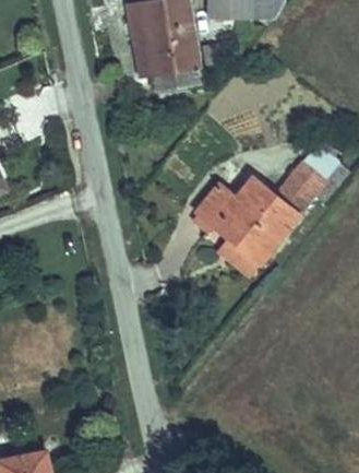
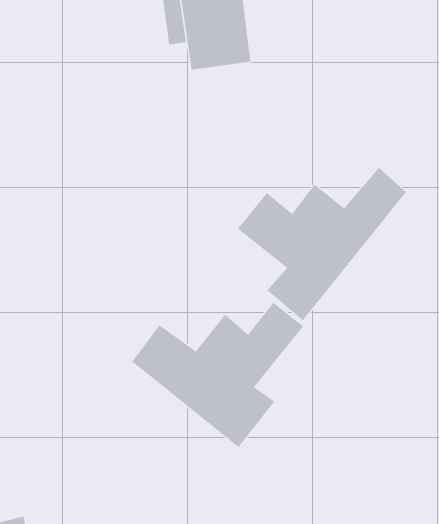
building: none -> [132,302,304,448]

